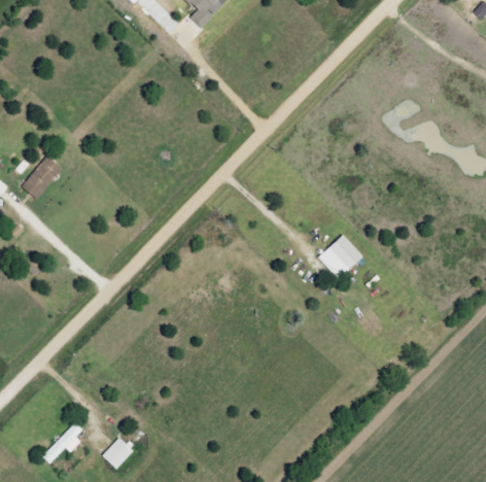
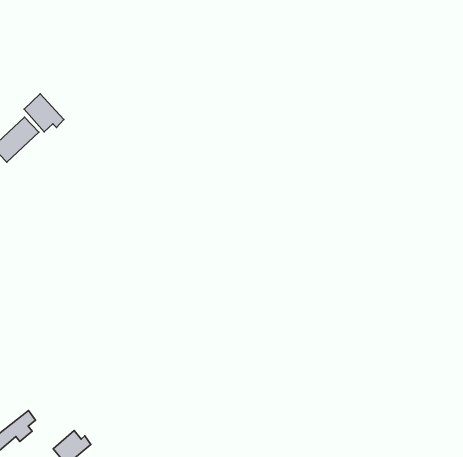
building: none -> [24,94,64,132]
building: [317,235,361,278] -> none

